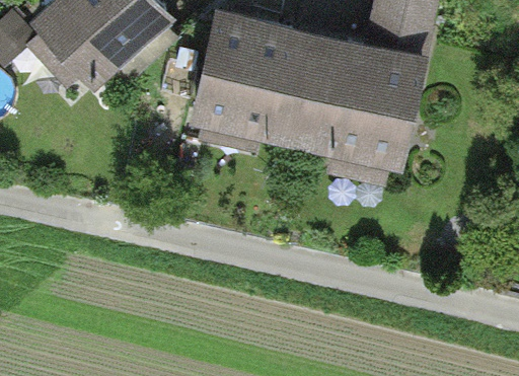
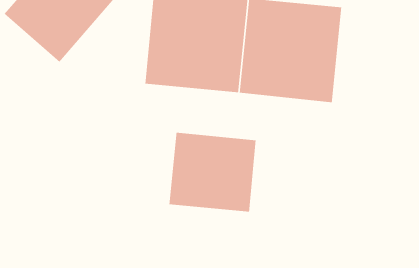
building: none -> [168,132,256,212]

